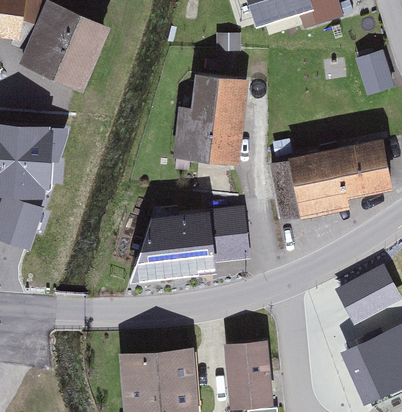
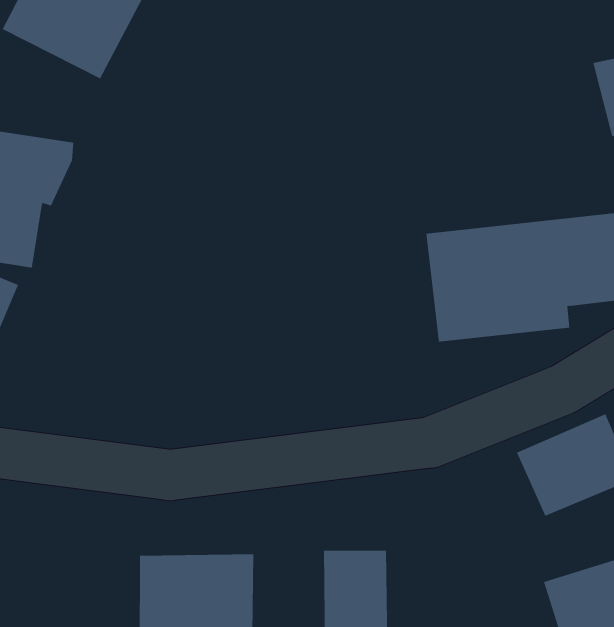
building: [175,76,250,168] -> none
building: [129,197,249,269] -> none

